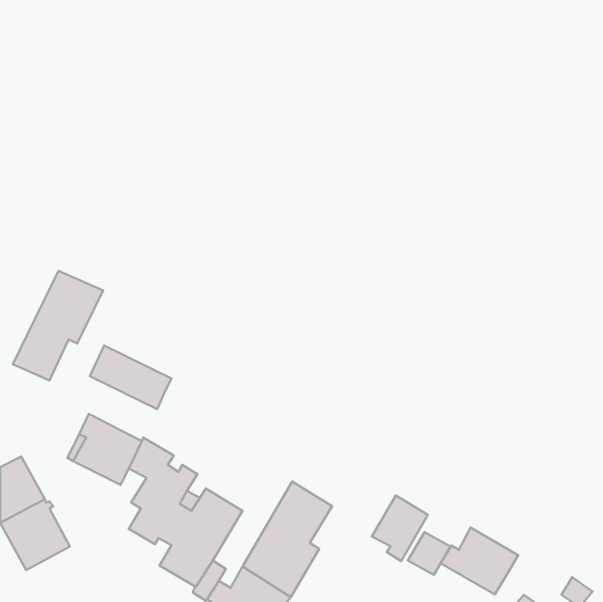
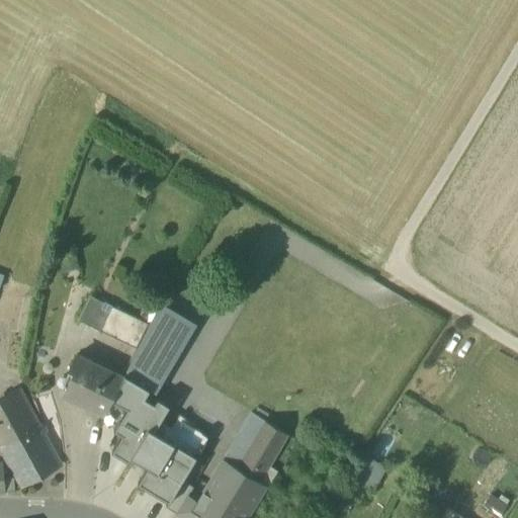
building: [13,271,103,381] -> none
building: none -> [125,306,195,394]
building: [372,496,428,561] -> none
building: [441,527,518,594] -> none

